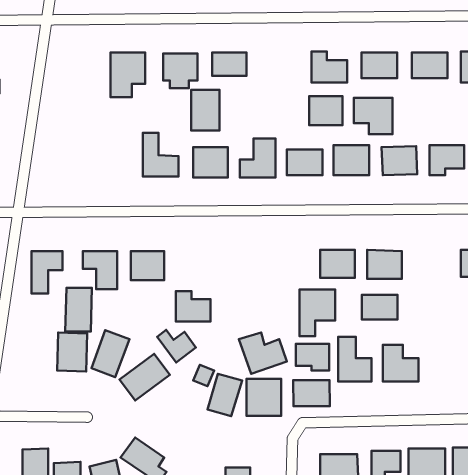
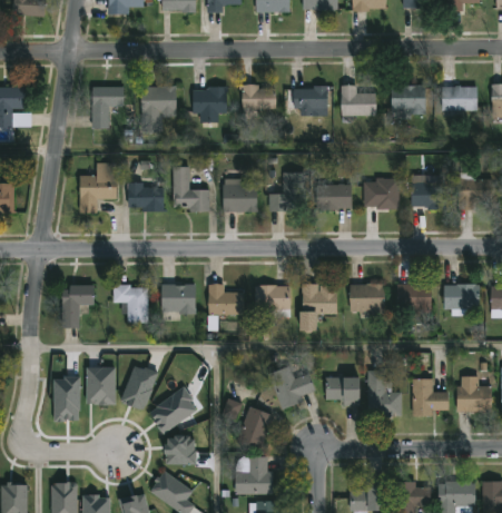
building: none -> [91,87,122,126]
building: [191,90,220,130] -> none
building: [309,96,342,125] -> [294,87,327,116]
building: [354,98,392,134] -> none
building: none -> [78,164,117,214]
building: none -> [126,182,163,209]
building: none -> [255,285,288,310]
building: [65,288,92,331] -> [55,377,81,421]
building: [300,289,335,336] -> [301,284,336,331]
building: [176,291,210,321] -> [208,285,243,315]
building: [362,295,397,319] -> [443,285,479,309]
building: [157,330,196,362] -> none
building: none -> [457,376,492,413]
building: [247,379,281,416] -> [236,456,270,493]
building: [293,380,330,406] -> none
building: none -> [166,435,197,464]

